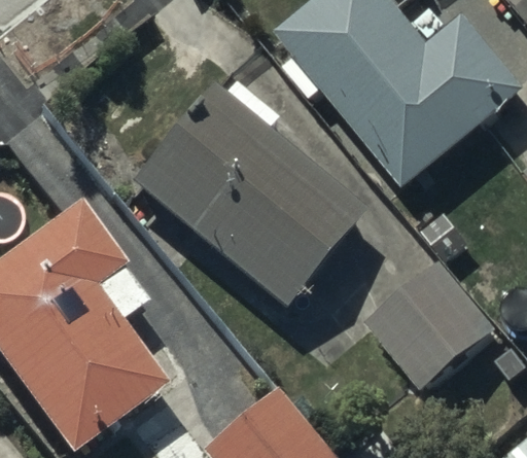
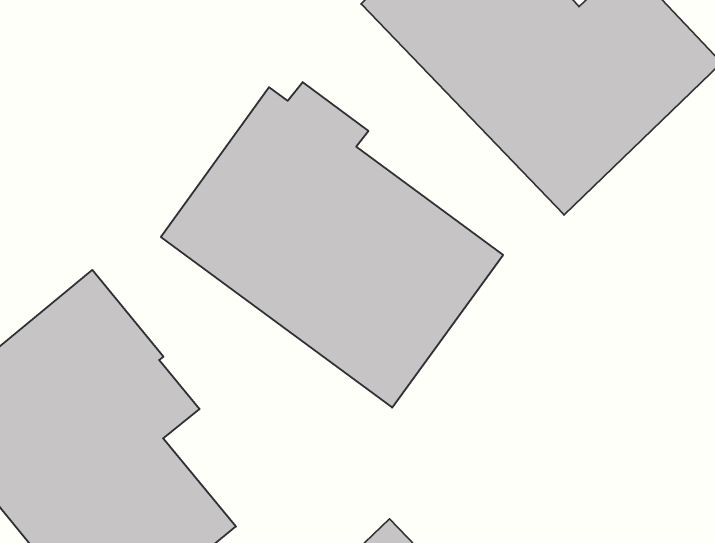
building: [370,256,498,383] -> none

